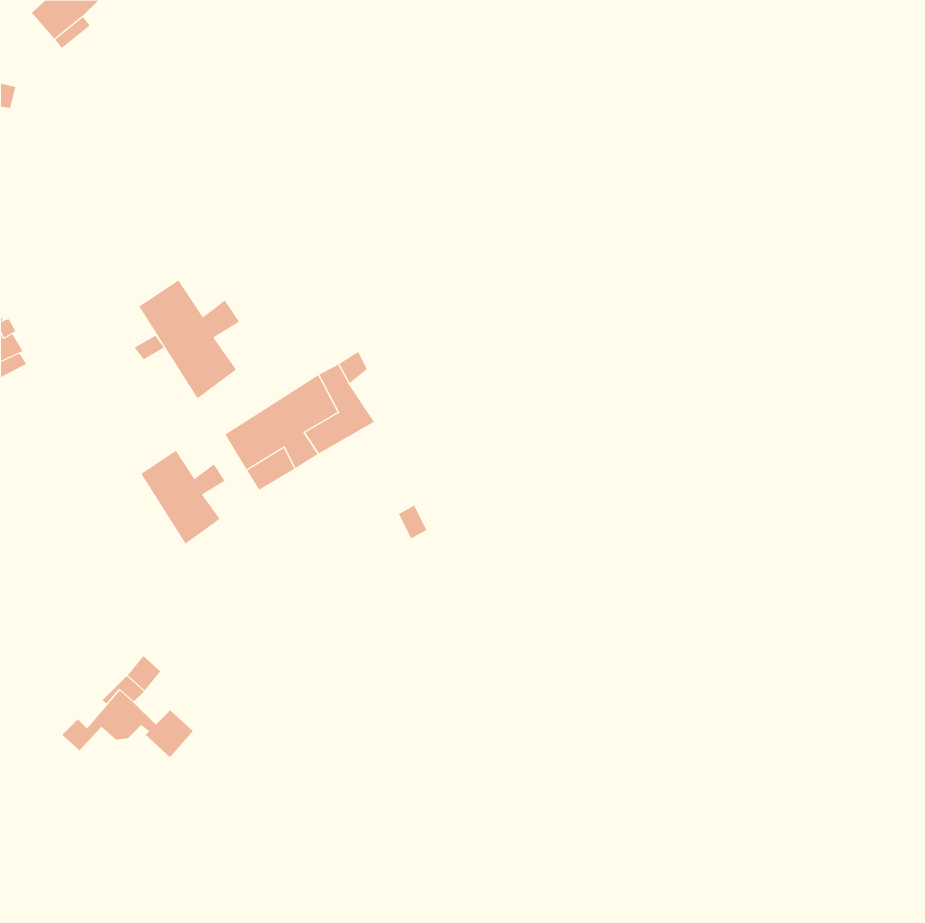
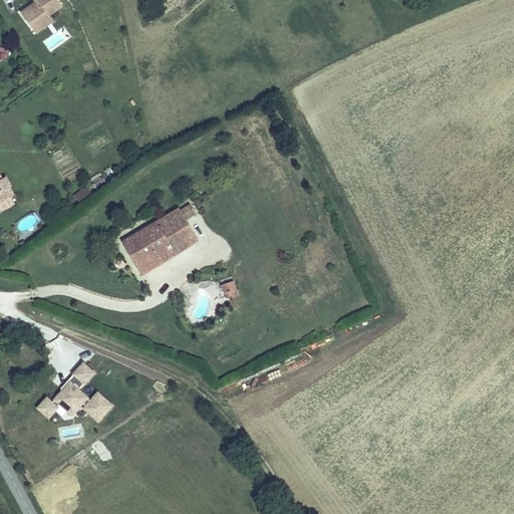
building: [138,279,240,399] -> none
building: [140,450,225,545] -> none

